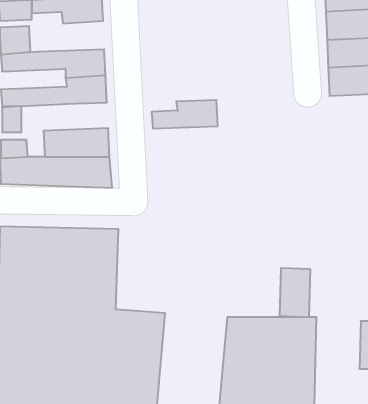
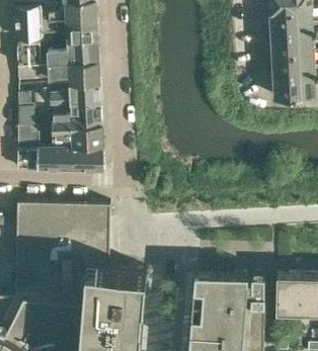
building: none -> [47,41,99,66]
building: [152,100,218,129] -> [51,105,102,127]
building: [279,268,310,317] -> [275,275,300,314]

